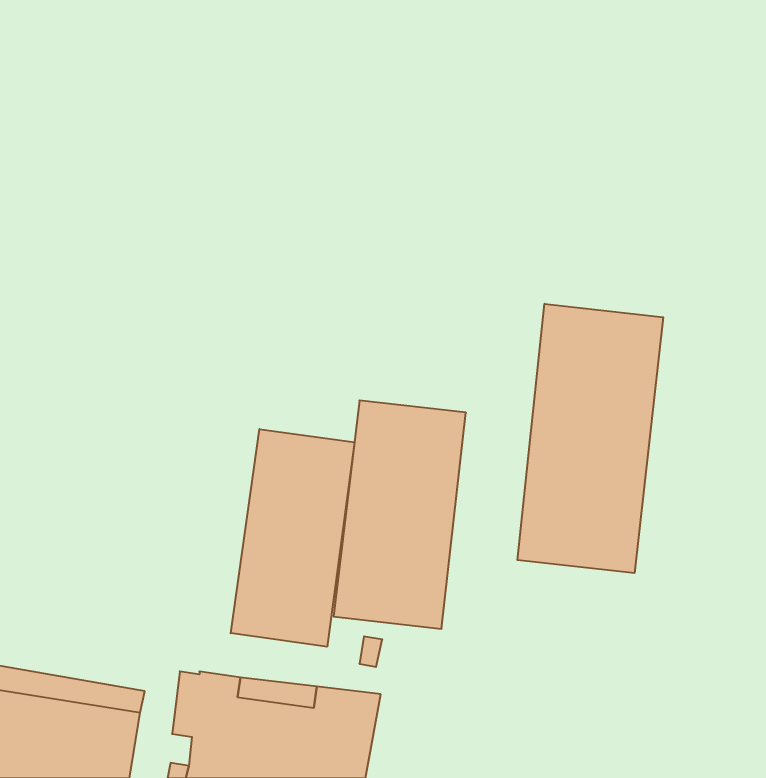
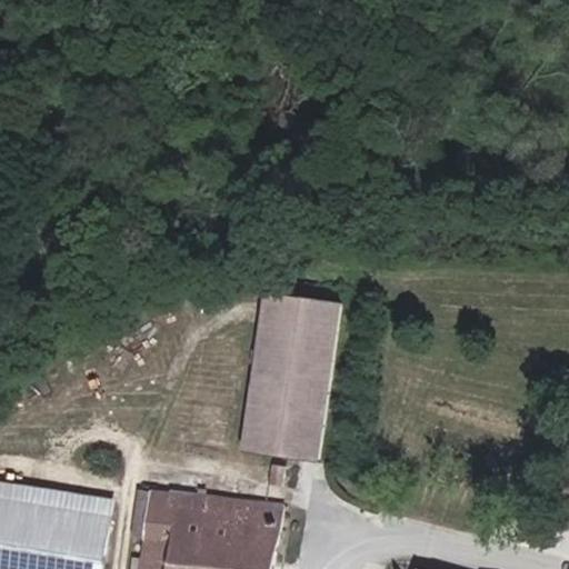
building: [517,304,663,573] -> none
building: [231,429,354,647] -> none

